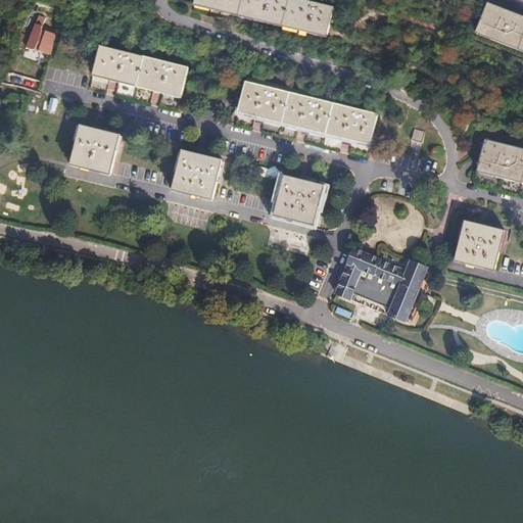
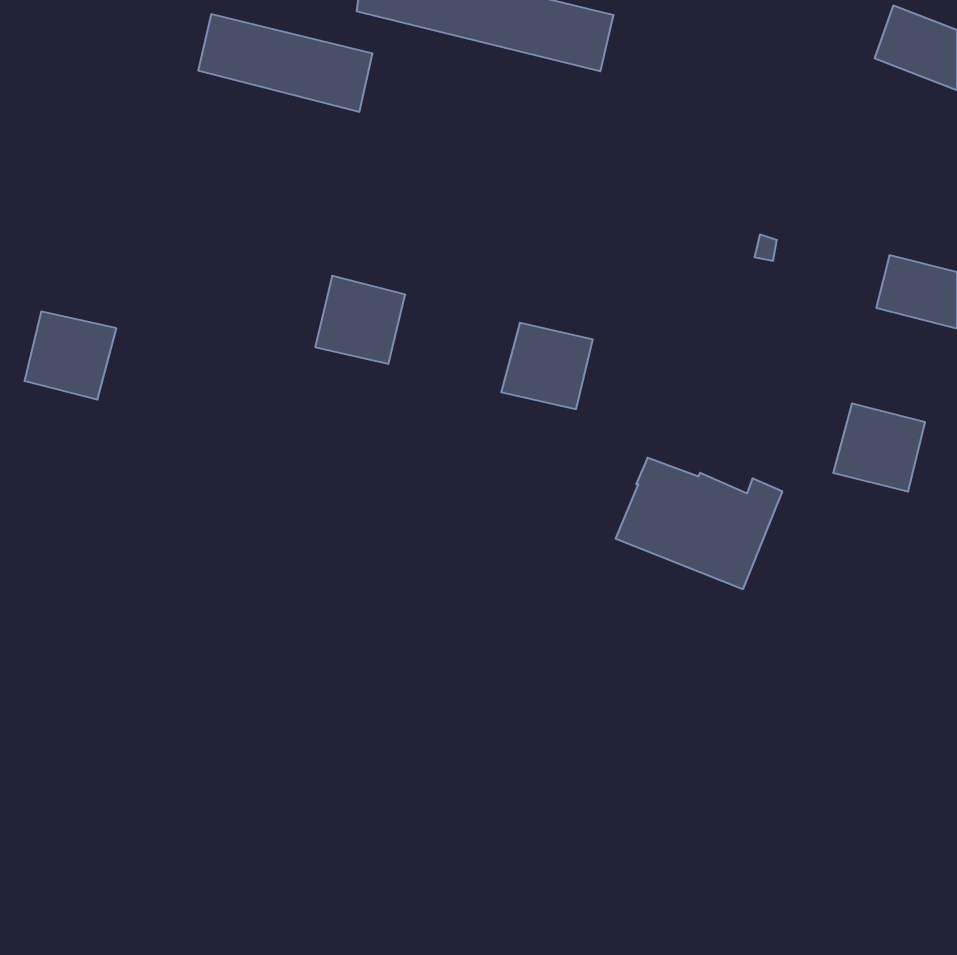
building: [26,21,56,53] -> none
building: [92,45,187,98] -> [198,14,373,112]
building: [237,81,378,145] -> none
building: [69,126,120,174] -> [24,311,116,400]

